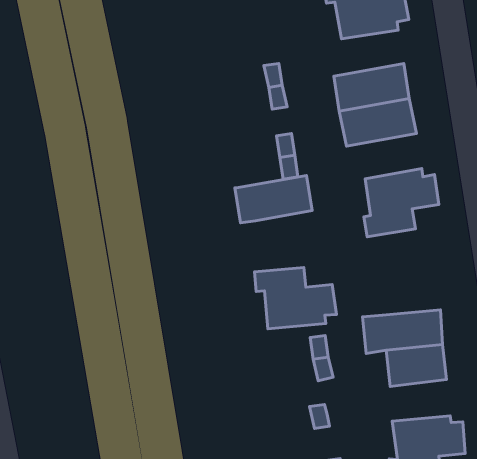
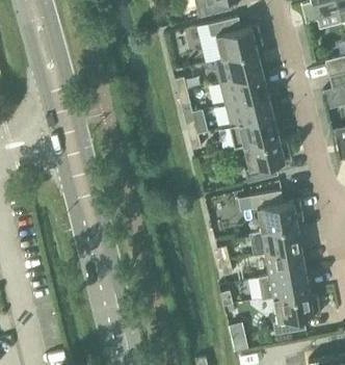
building: none -> [213,51,262,83]
building: [235,175,312,223] -> [229,115,278,149]
building: [254,267,336,329] -> [249,191,303,232]
building: none -> [258,269,309,301]

